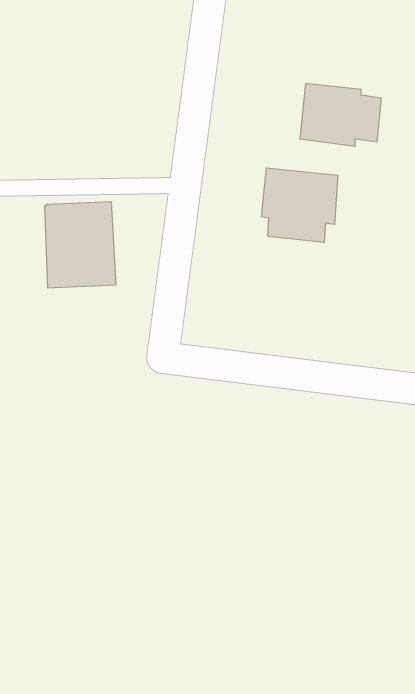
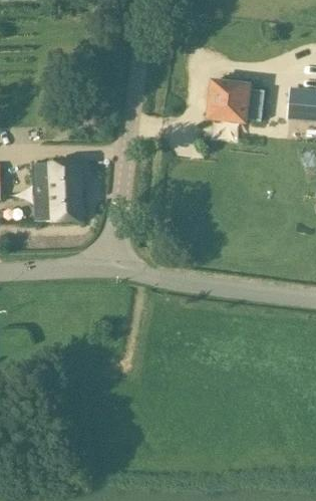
building: [261,168,338,243] -> none

